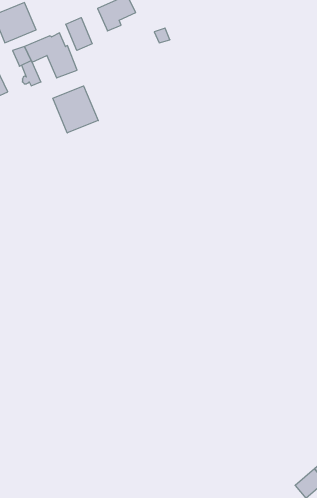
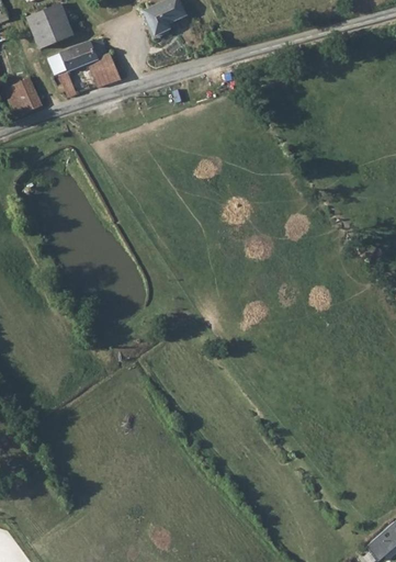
building: [66,18,92,50] -> none
building: [53,86,98,133] -> none

